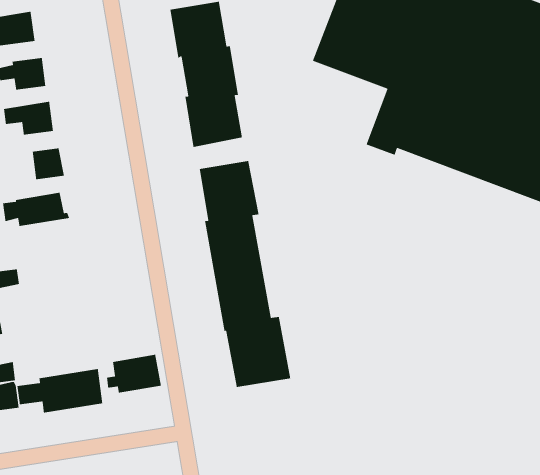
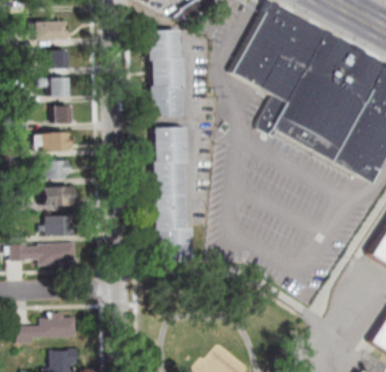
building: none -> [43,160,71,179]
building: none -> [43,186,73,205]
building: [106,354,162,394] -> [42,215,75,236]

